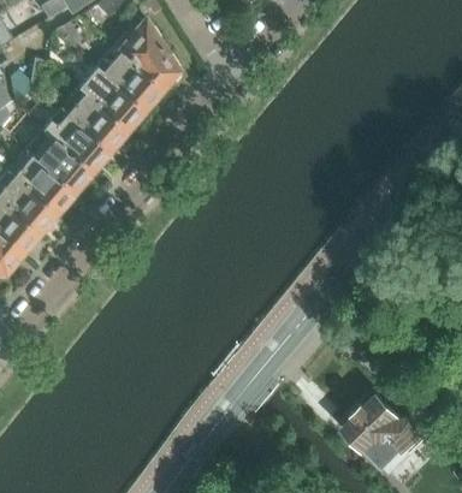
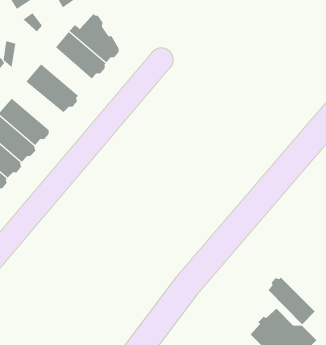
building: [78,67,143,129] -> none
building: [41,111,107,172] -> none
building: none -> [268,277,316,325]

